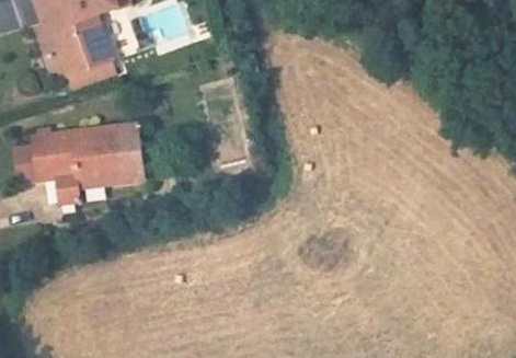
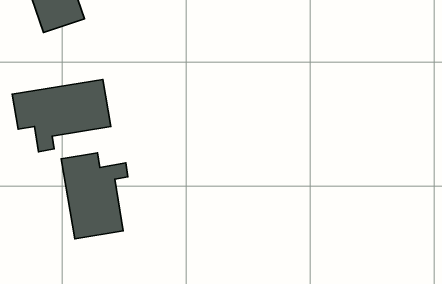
building: none -> [61,153,128,239]

